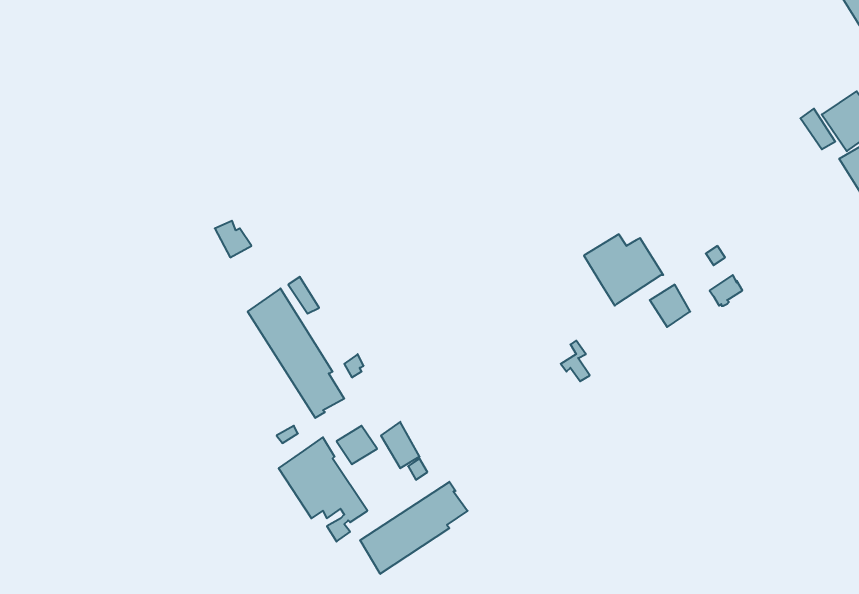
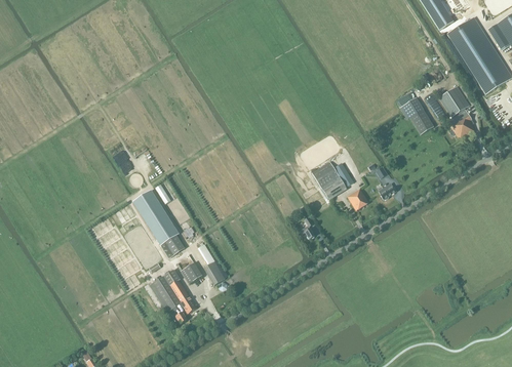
building: none -> [400,97,434,134]
building: [360,482,468,574] -> none

